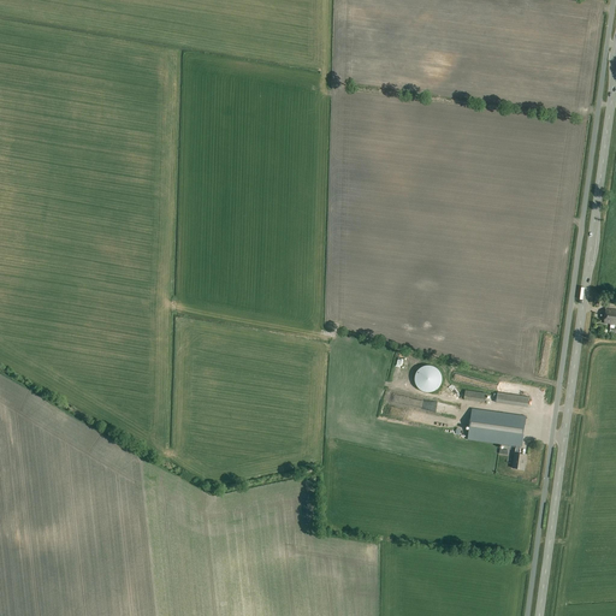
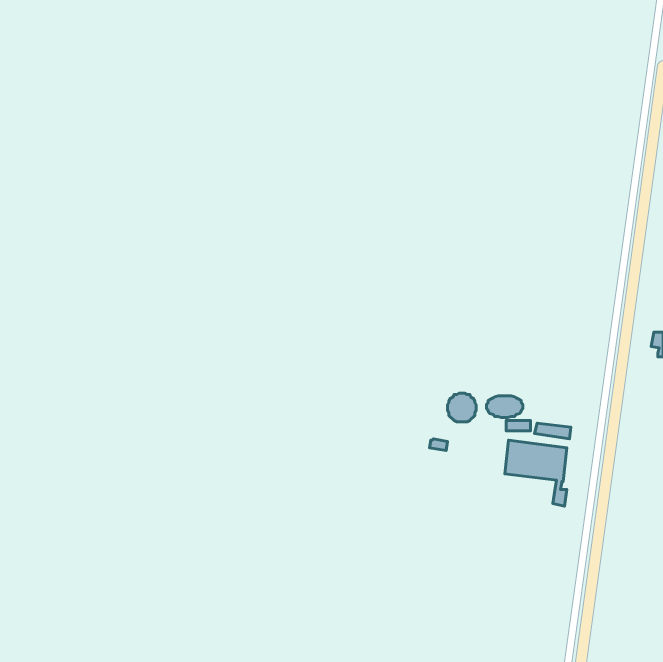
building: none -> [486,396,523,417]

